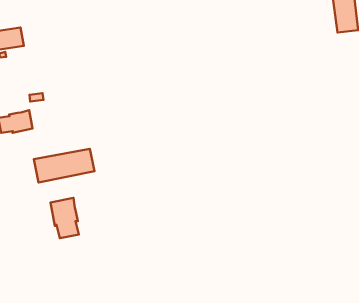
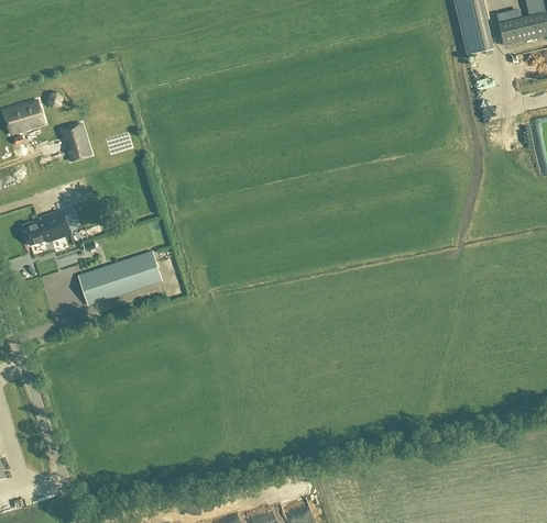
building: none -> [63,122,91,159]
building: [50,198,79,238] -> none

